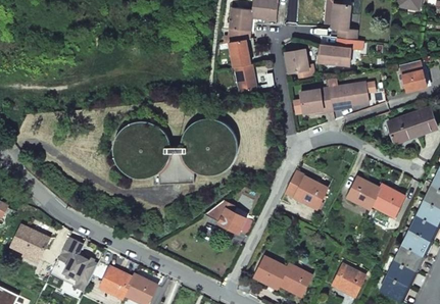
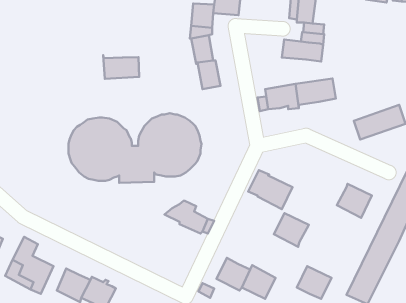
building: [285,49,308,73] -> none
building: [400,58,428,91] -> none
building: none -> [103,55,139,79]
building: [346,176,380,209] -> [274,213,309,247]

